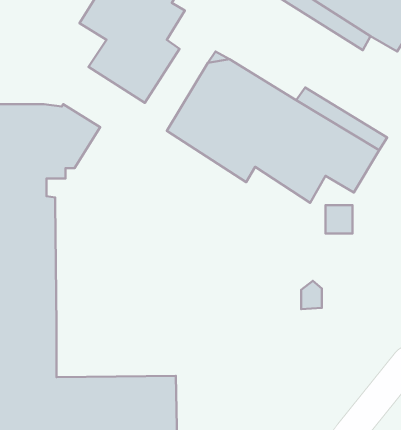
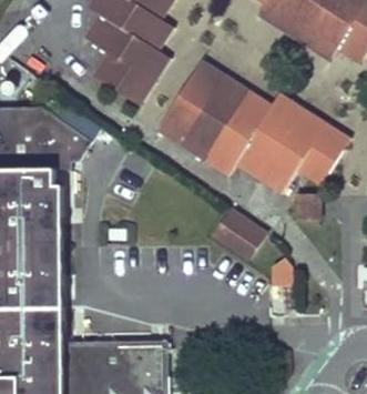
building: none -> [213,210,266,260]

